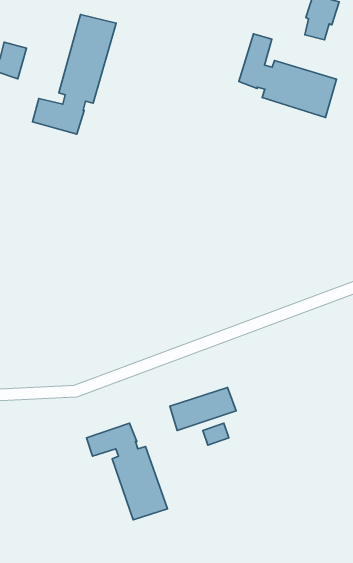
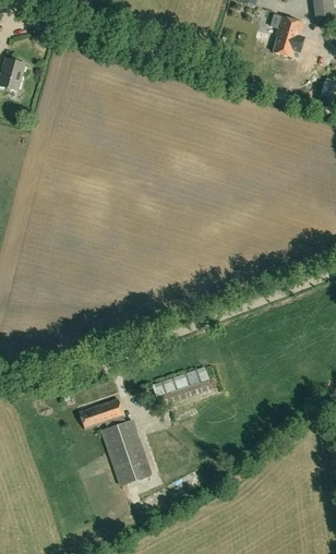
building: [32,14,116,134] -> none
building: [239,34,337,117] -> none

